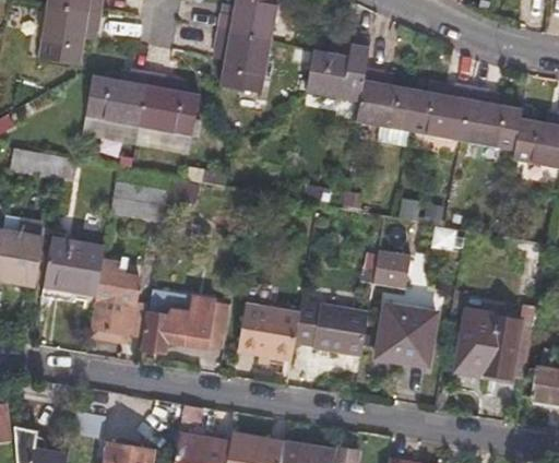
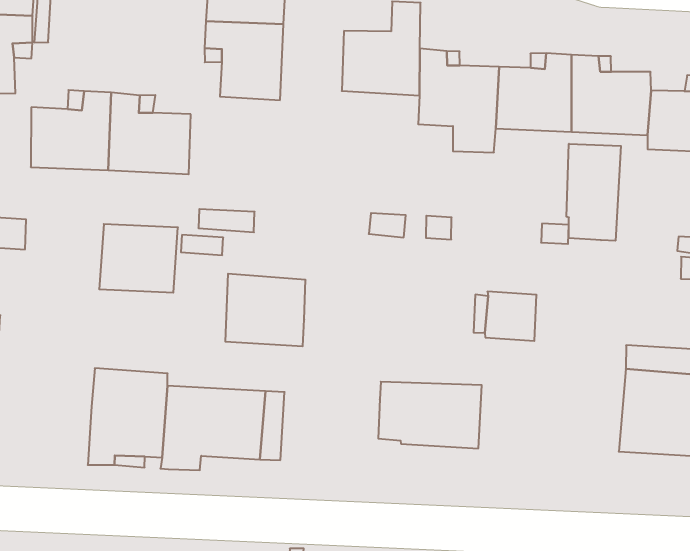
building: none -> [566,144,621,241]
building: [47,236,109,294] -> none
building: [240,302,301,359] -> [225,274,306,346]
building: [379,305,441,366] -> none

